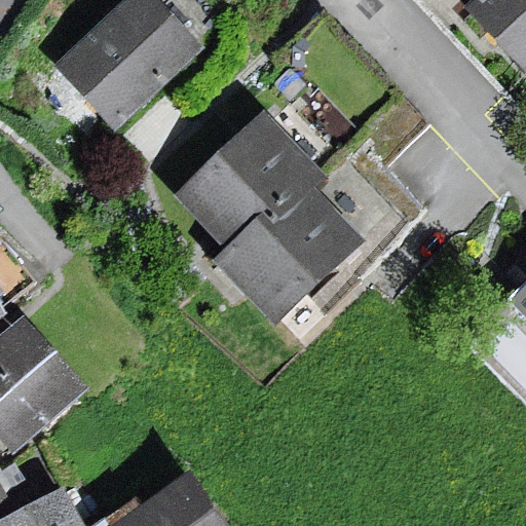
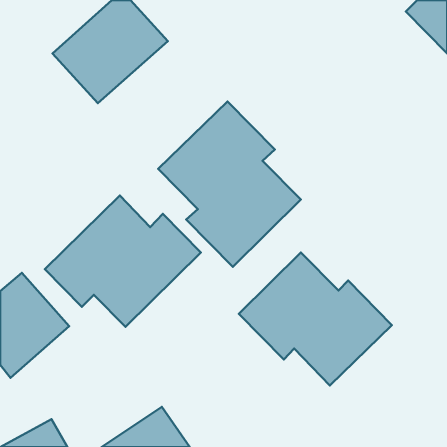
building: none -> [45,196,201,327]
building: none -> [239,253,392,386]

